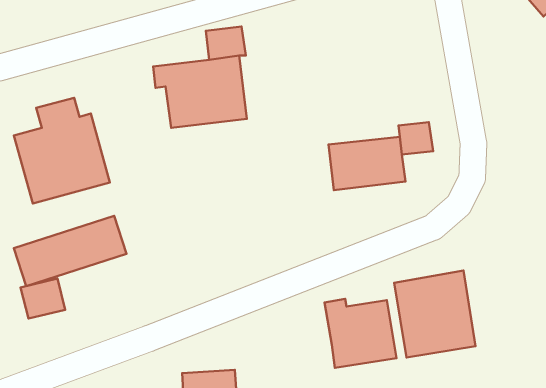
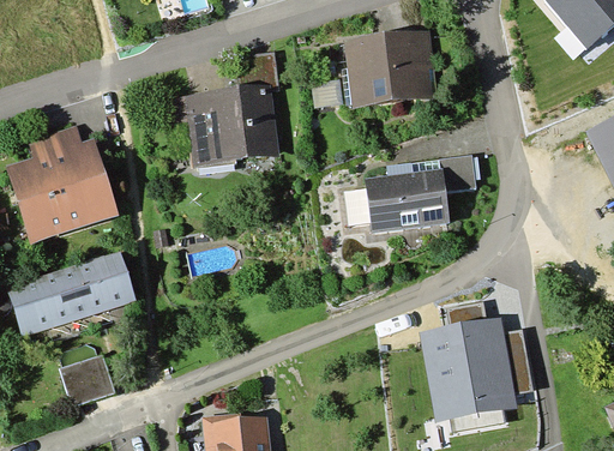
building: none -> [338,34,422,98]
building: [21,279,65,319] -> [70,362,118,405]
building: [325,299,396,368] -> none

